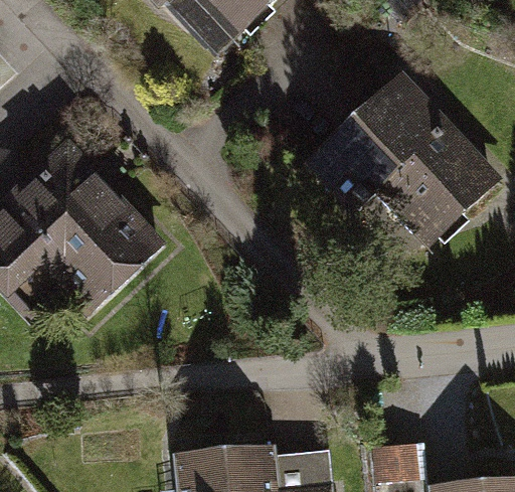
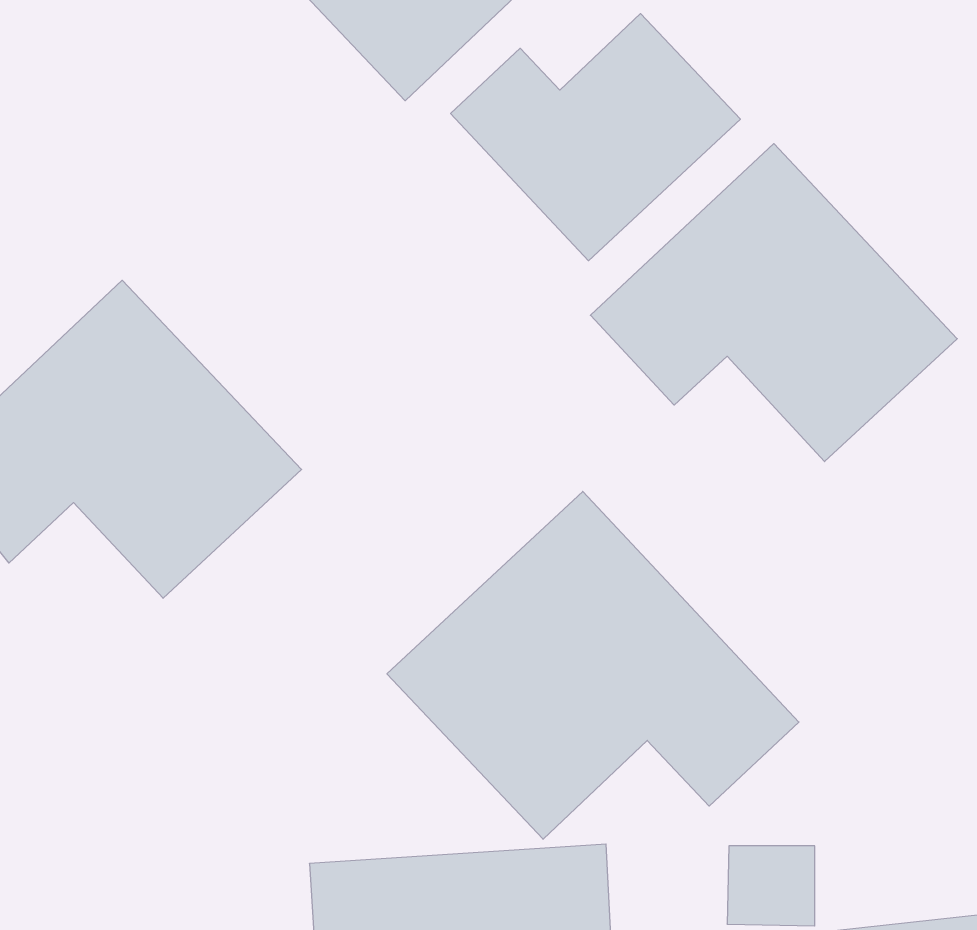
building: none -> [451,14,740,261]
building: none -> [387,491,799,839]

